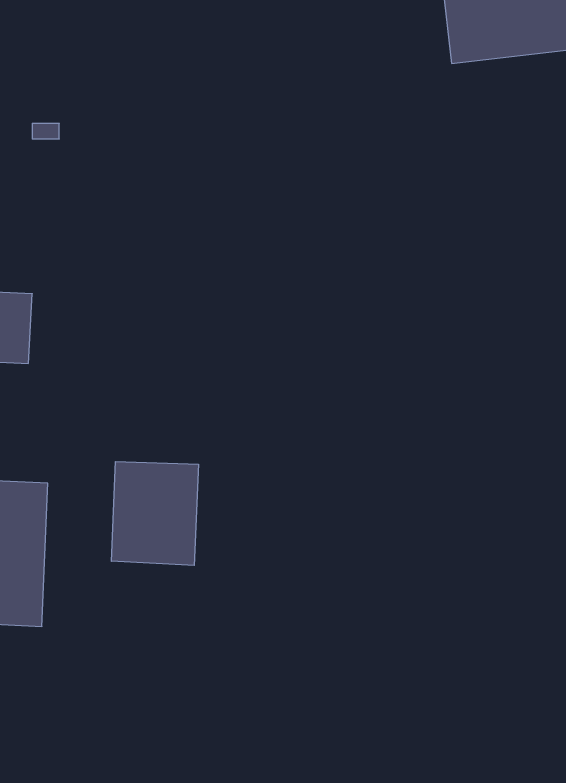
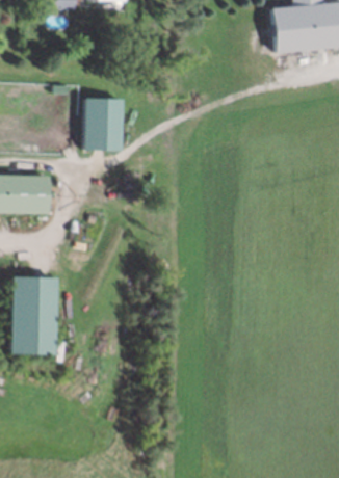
building: none -> [84,100,125,153]
building: [111,462,198,565] -> none

